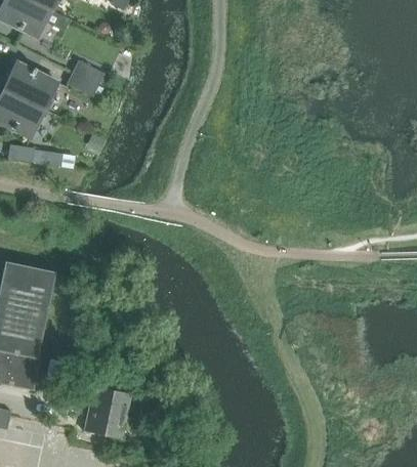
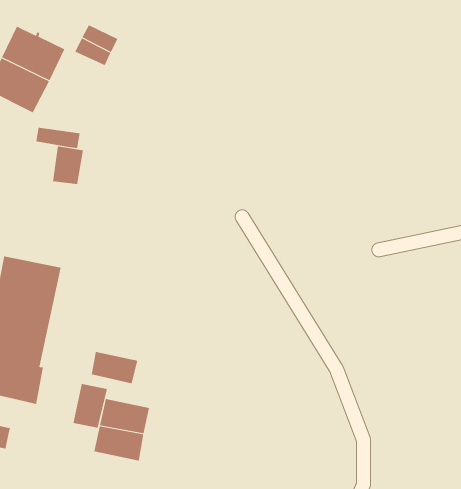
building: none -> [52,146,83,185]
building: none -> [91,351,138,384]
building: none -> [73,383,108,429]

